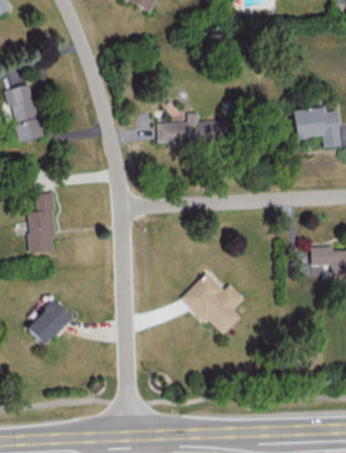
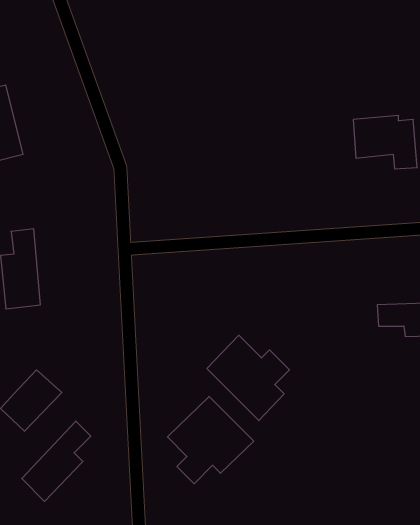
building: [157,111,224,143] -> none
building: none -> [167,396,254,484]
building: none -> [22,421,91,501]

